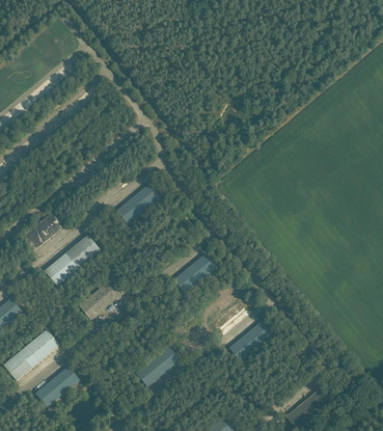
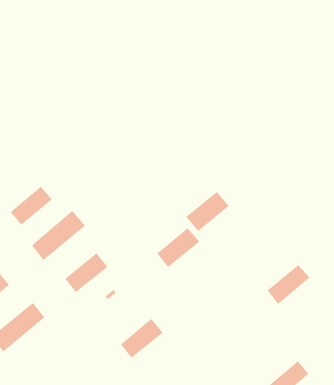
building: [116,184,161,224] -> none
building: none -> [185,191,229,232]
building: [229,321,274,362] -> [267,264,310,305]
building: [35,366,80,407] -> none

